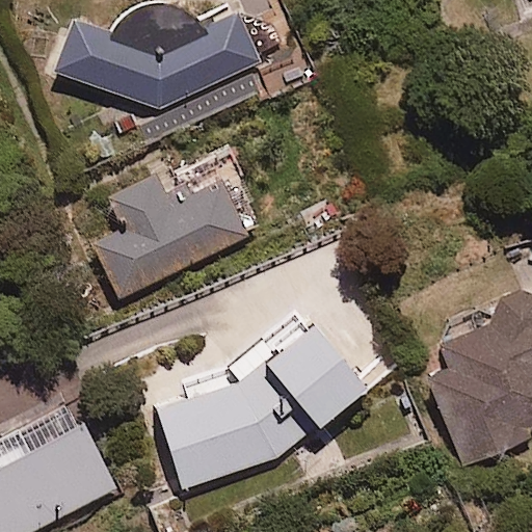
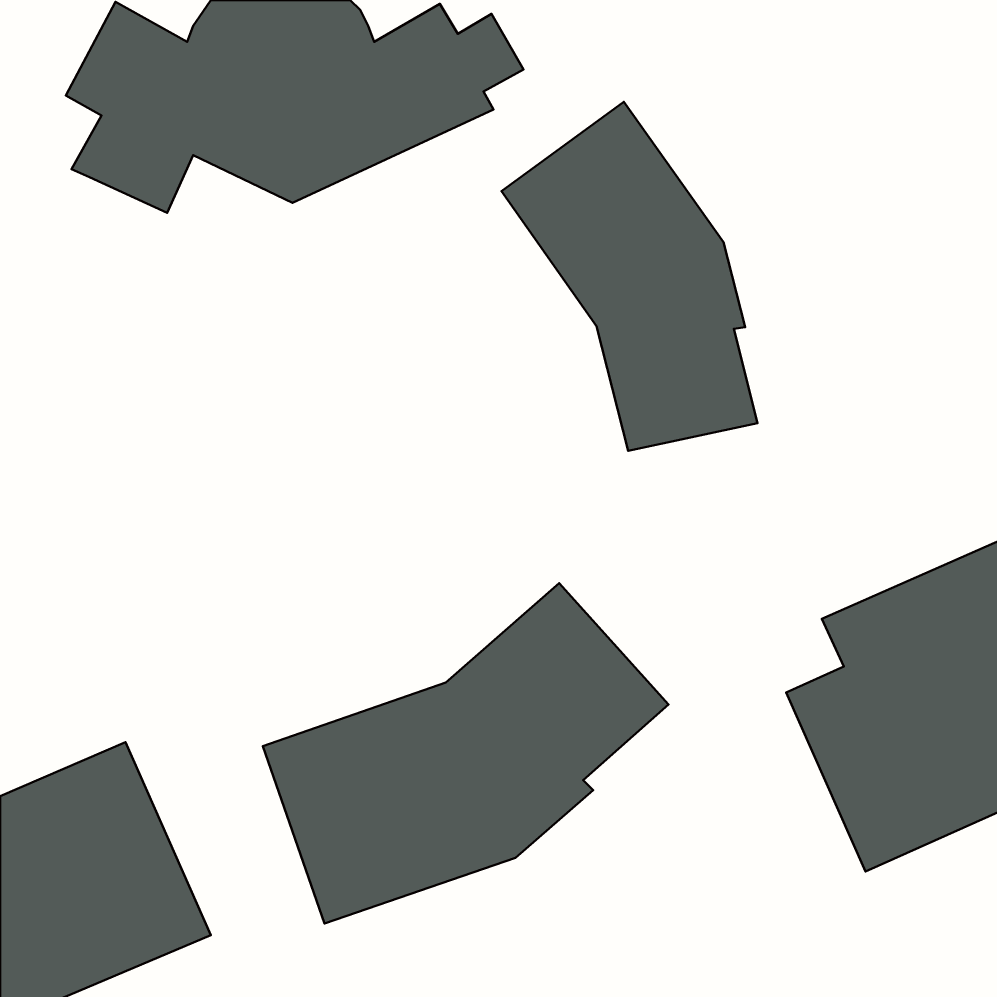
building: none -> [502,102,758,451]
building: [92,166,254,303] -> none

